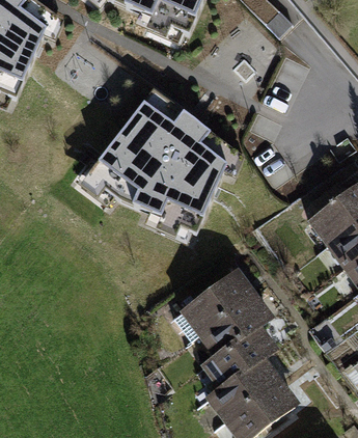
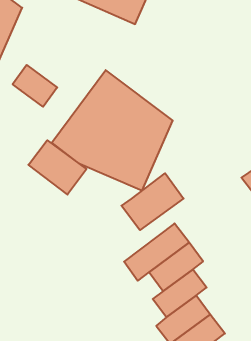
building: none -> [13,65,57,107]
building: none -> [28,140,86,195]
building: none -> [121,173,184,230]

